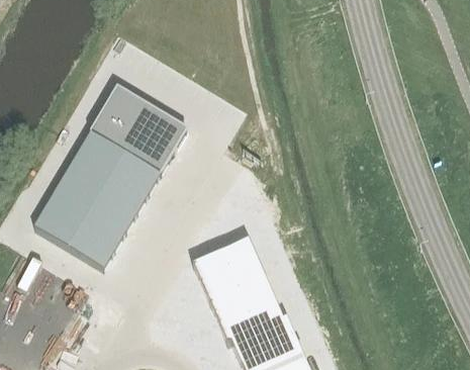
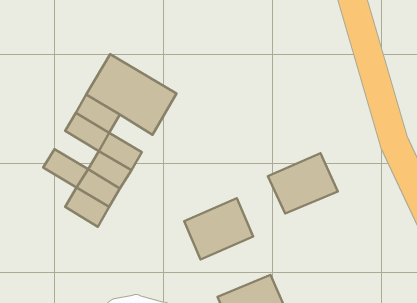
building: [115,150,161,189] -> none
building: [58,167,104,207] -> none
building: [33,205,81,247] -> none
building: [211,278,285,342] -> [268,153,338,214]

